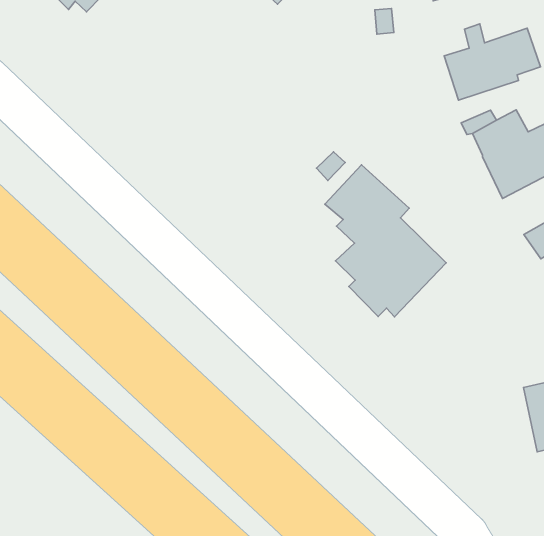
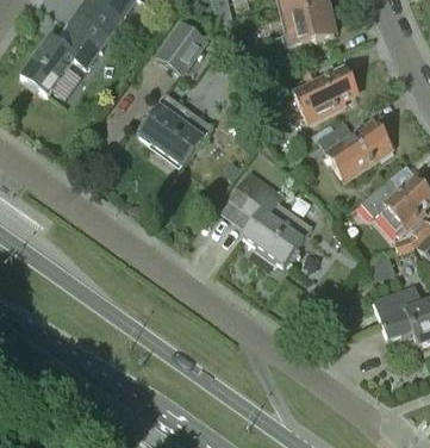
building: none -> [138,92,212,164]

